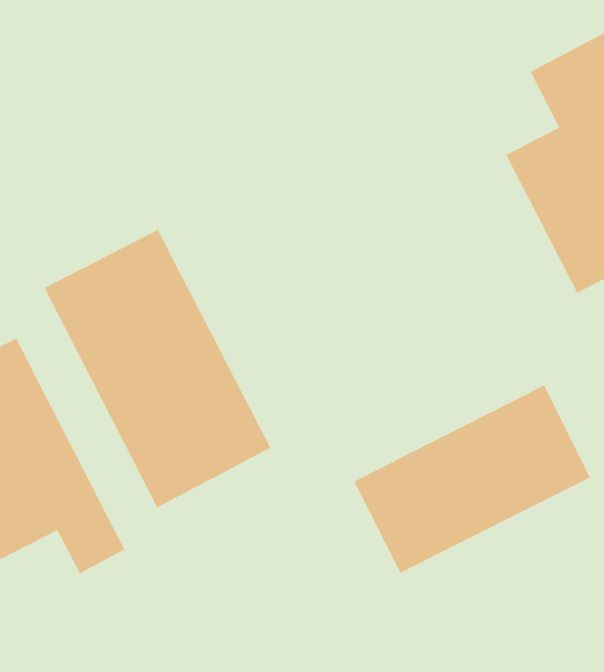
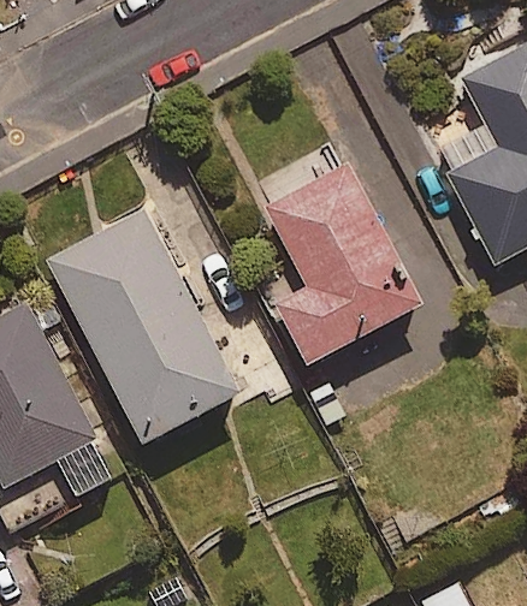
building: none -> [266,165,420,363]
building: [353,384,591,573] -> none

